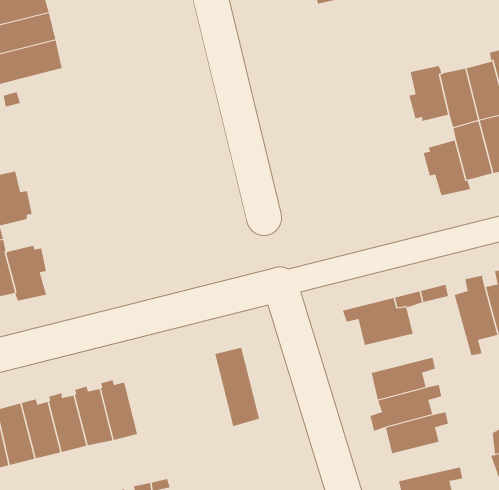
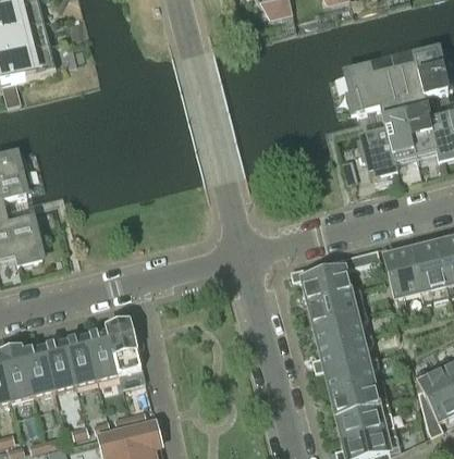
building: none -> [308,286,366,322]
building: [214,347,260,427] -> [107,320,145,386]
building: none -> [331,377,389,412]

